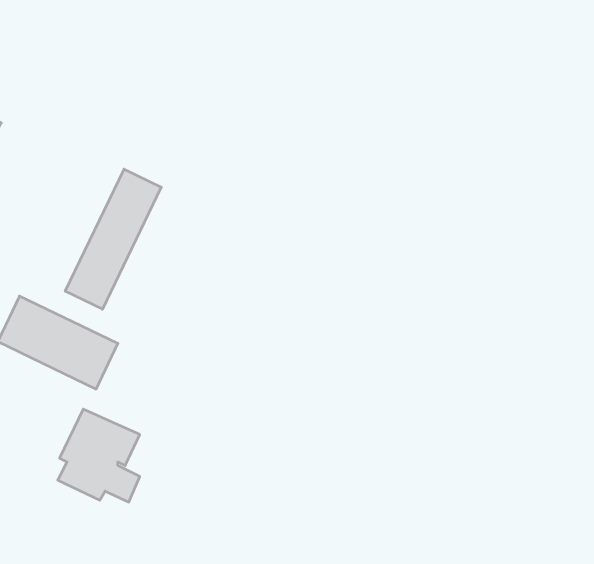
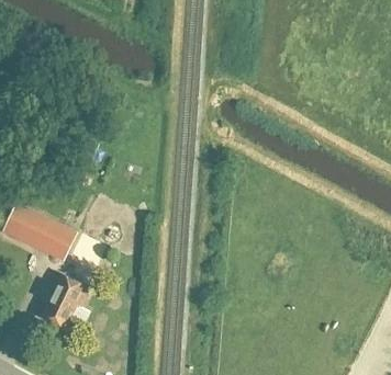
building: [65,169,161,309] -> none

